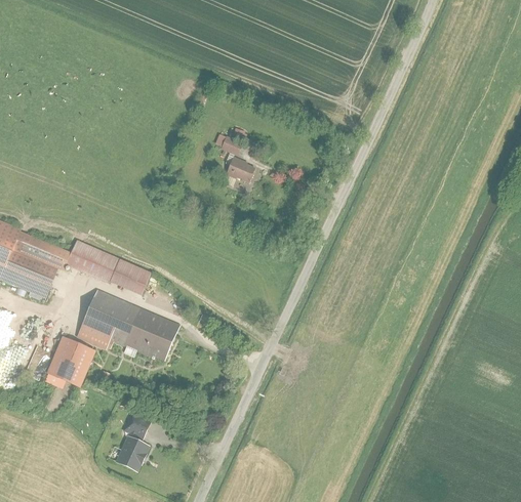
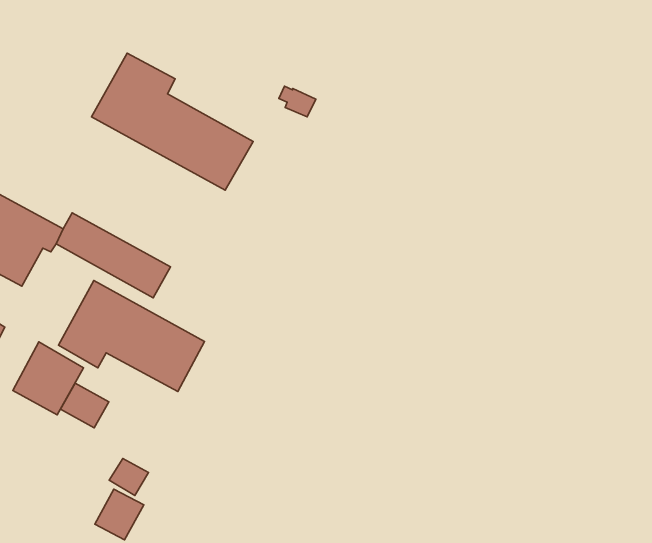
building: none -> [92,53,253,190]
building: [226,156,254,182] -> none
building: none -> [60,383,109,428]

